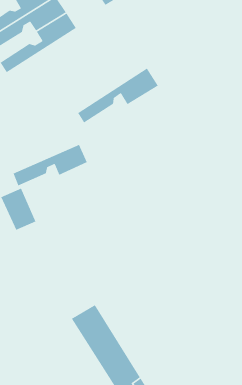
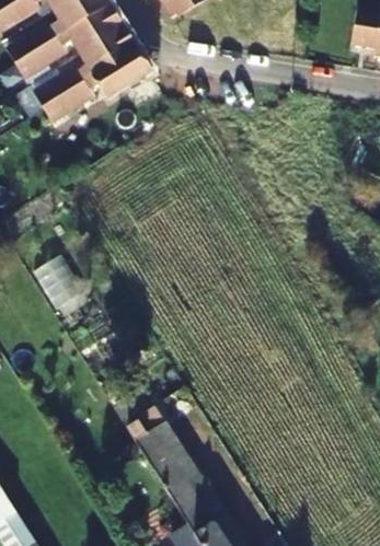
building: [77,68,159,124] -> [44,48,151,121]
building: [12,144,88,186] -> none

